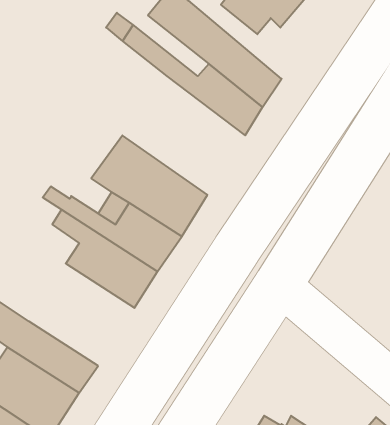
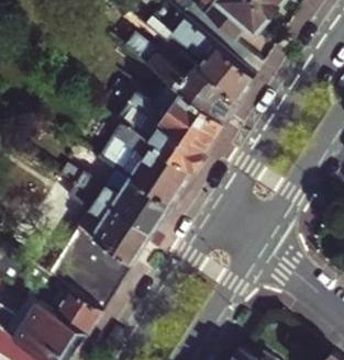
building: none -> [119,75,224,171]
building: none -> [48,227,134,311]

